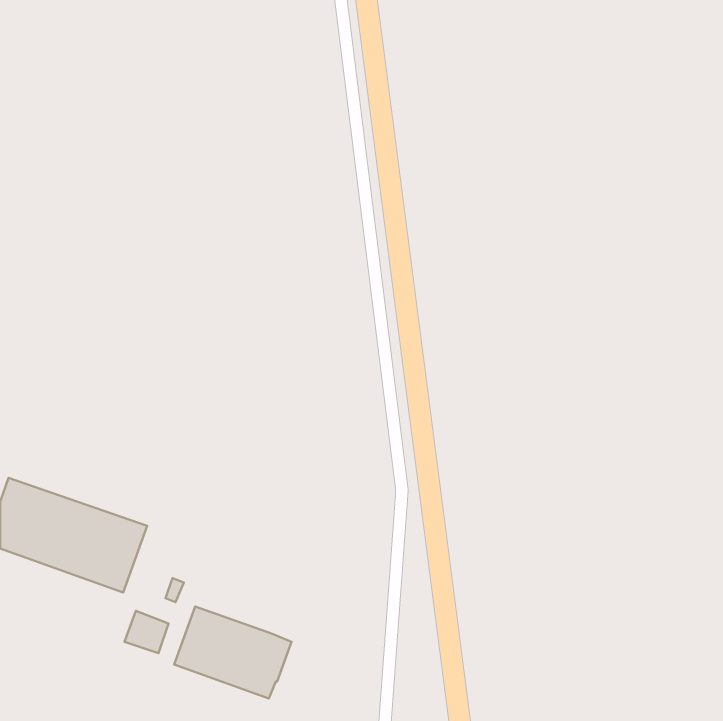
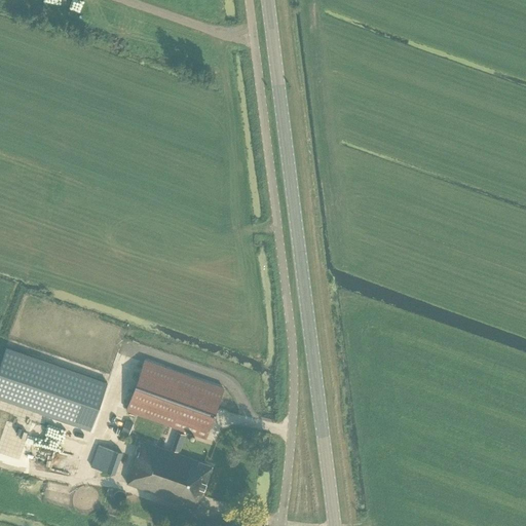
building: none -> [126,361,223,440]

